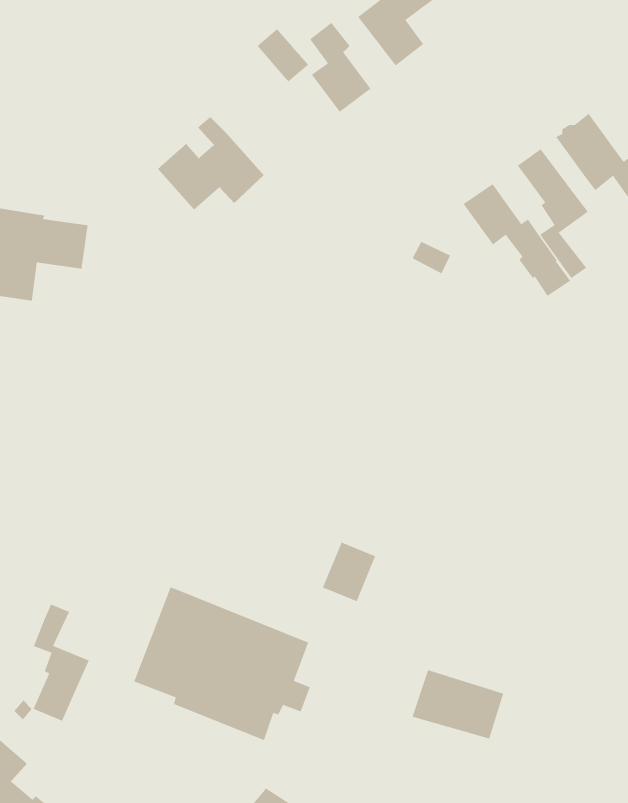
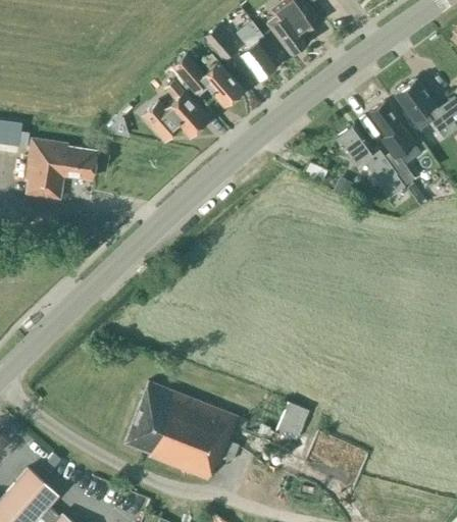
building: none -> [172,53,244,107]
building: [322,541,376,602] -> [275,403,310,441]
building: [33,604,90,722] -> none

